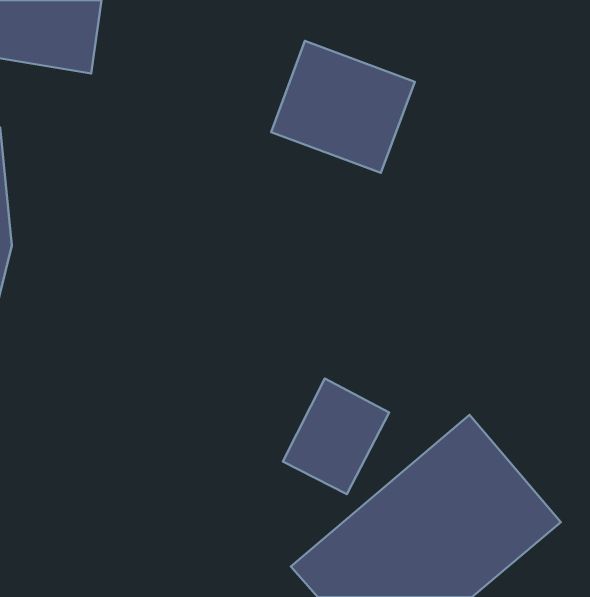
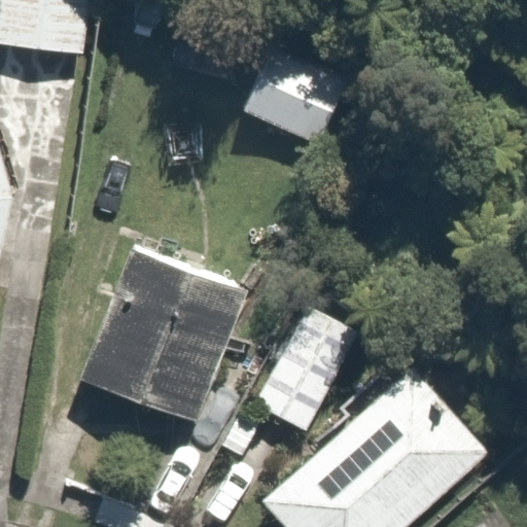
building: none -> [72,245,246,427]

